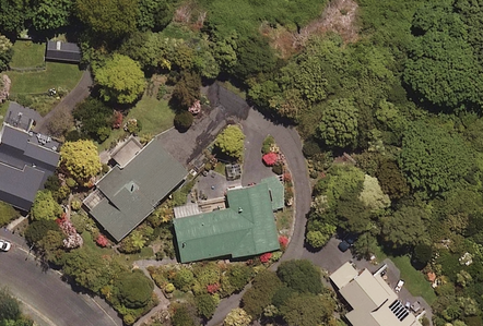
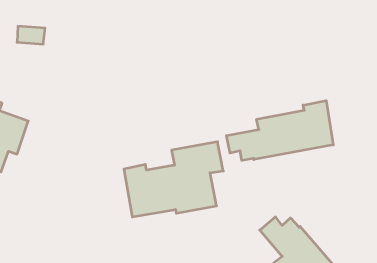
building: none -> [226,101,333,160]
building: [76,132,189,243] -> none

